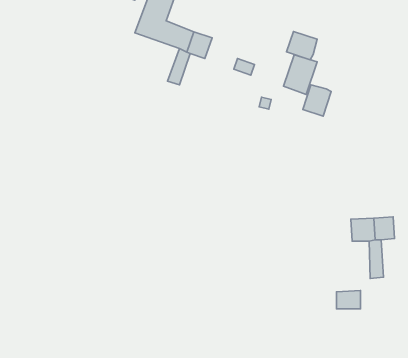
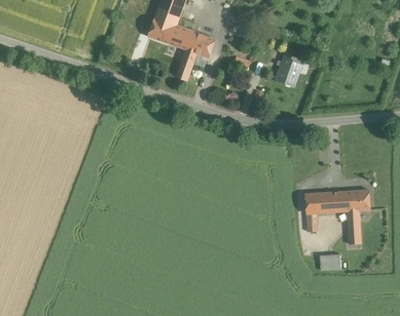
building: [287,31,317,60] -> none
building: [303,85,331,116] -> none
building: none -> [305,193,333,231]

